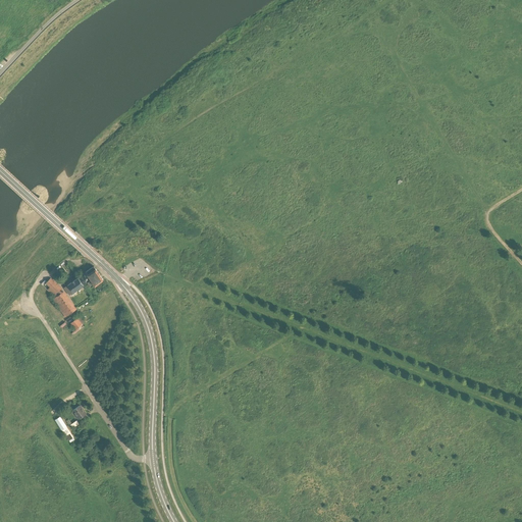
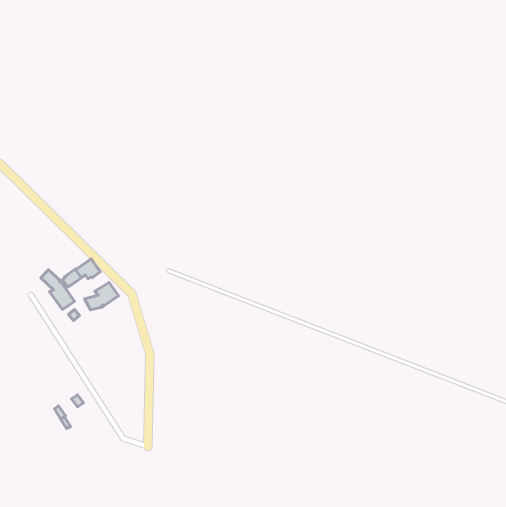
building: none -> [85,282,119,310]

